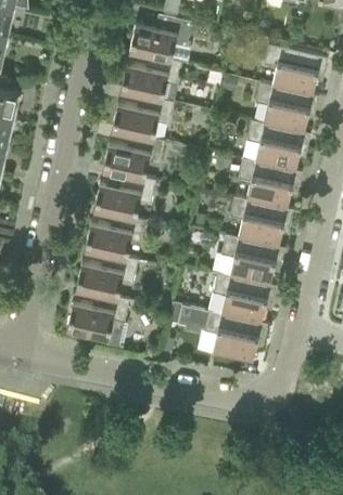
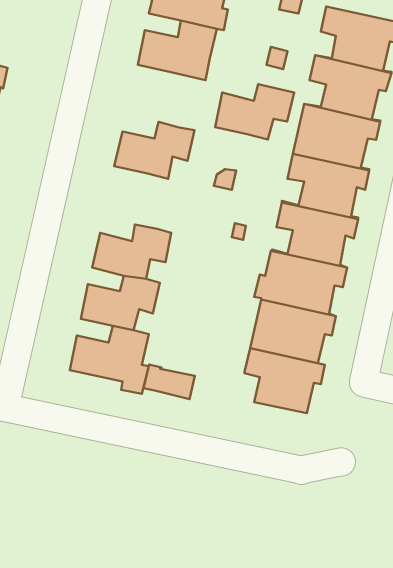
building: [112,95,174,139] -> [215,84,294,140]
building: [93,174,156,218] -> none
building: [168,302,208,329] -> [144,365,195,399]

